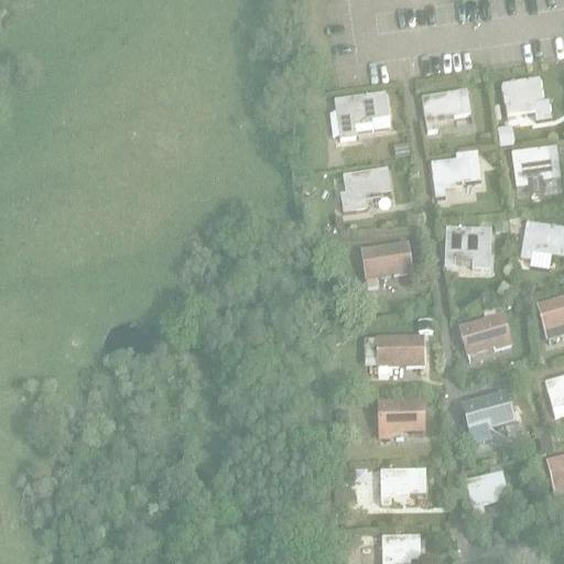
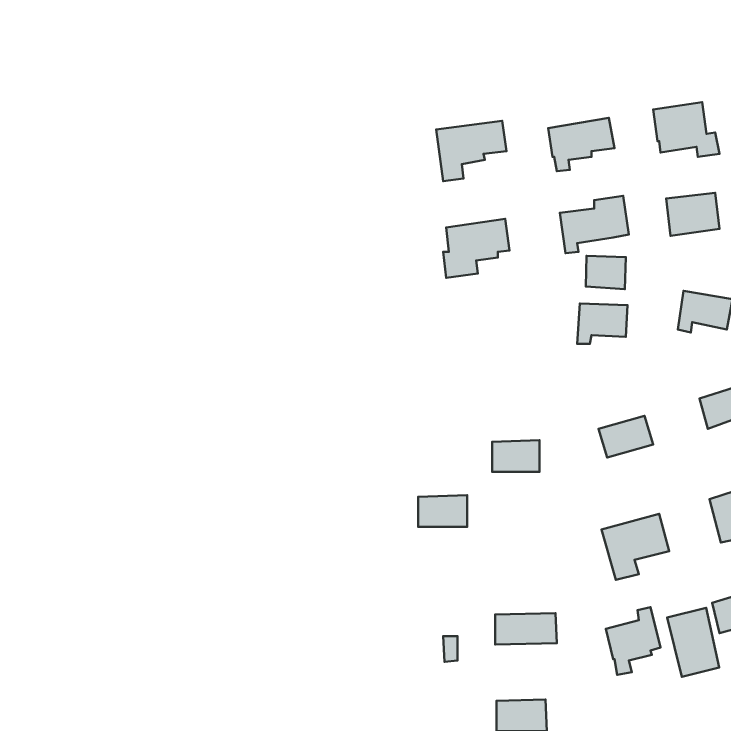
building: none -> [586,256,626,289]
building: [364,246,404,273] -> none
building: [381,402,419,426] -> [418,495,467,527]
building: none -> [667,608,719,677]

